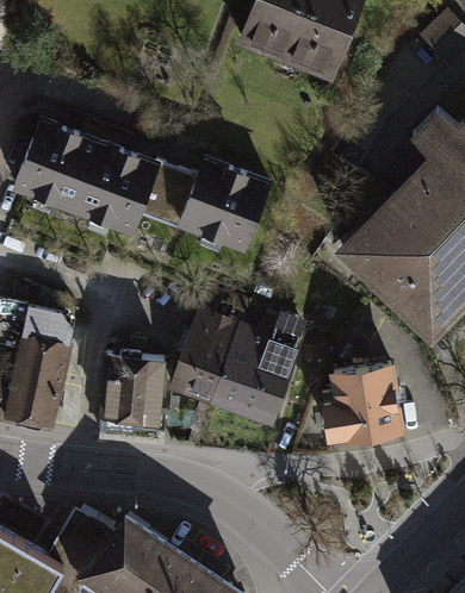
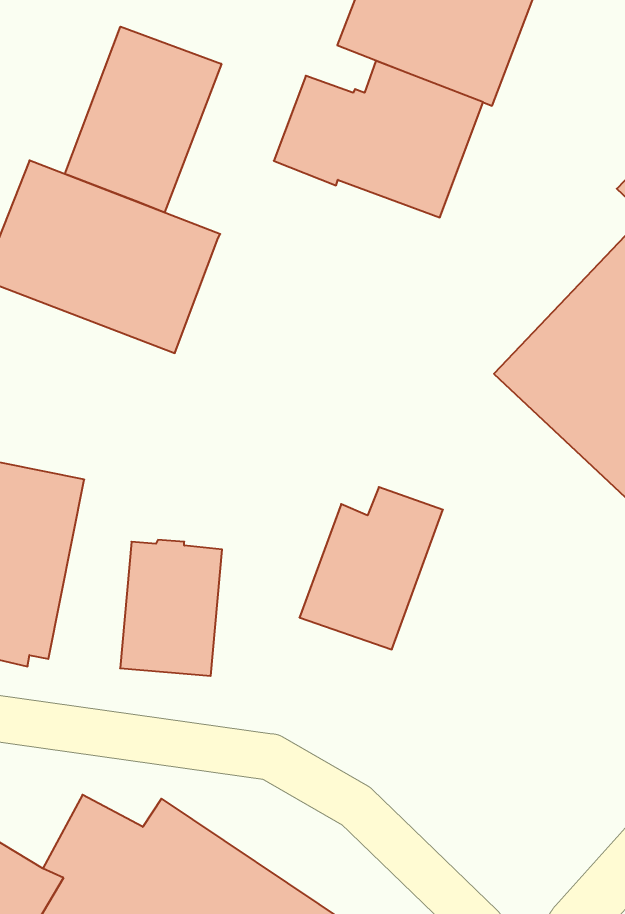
building: none -> [65,27,221,212]
building: [141,155,273,254] -> [274,61,483,217]
building: [172,311,241,404] -> none
building: [322,363,407,443] -> none

